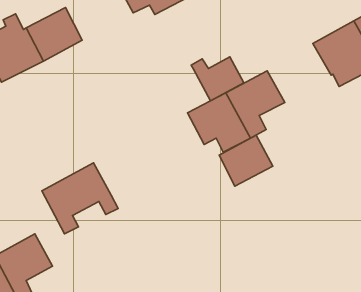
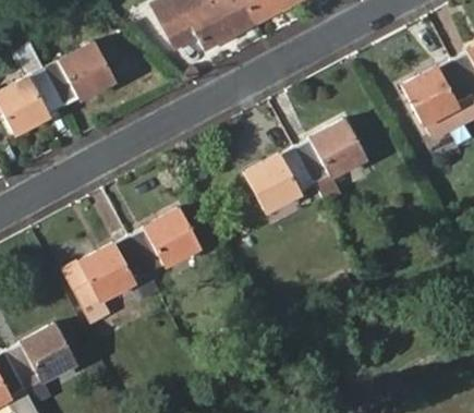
building: [191,57,244,101] -> none
building: [219,135,273,186] -> none
building: none -> [129,207,200,274]

